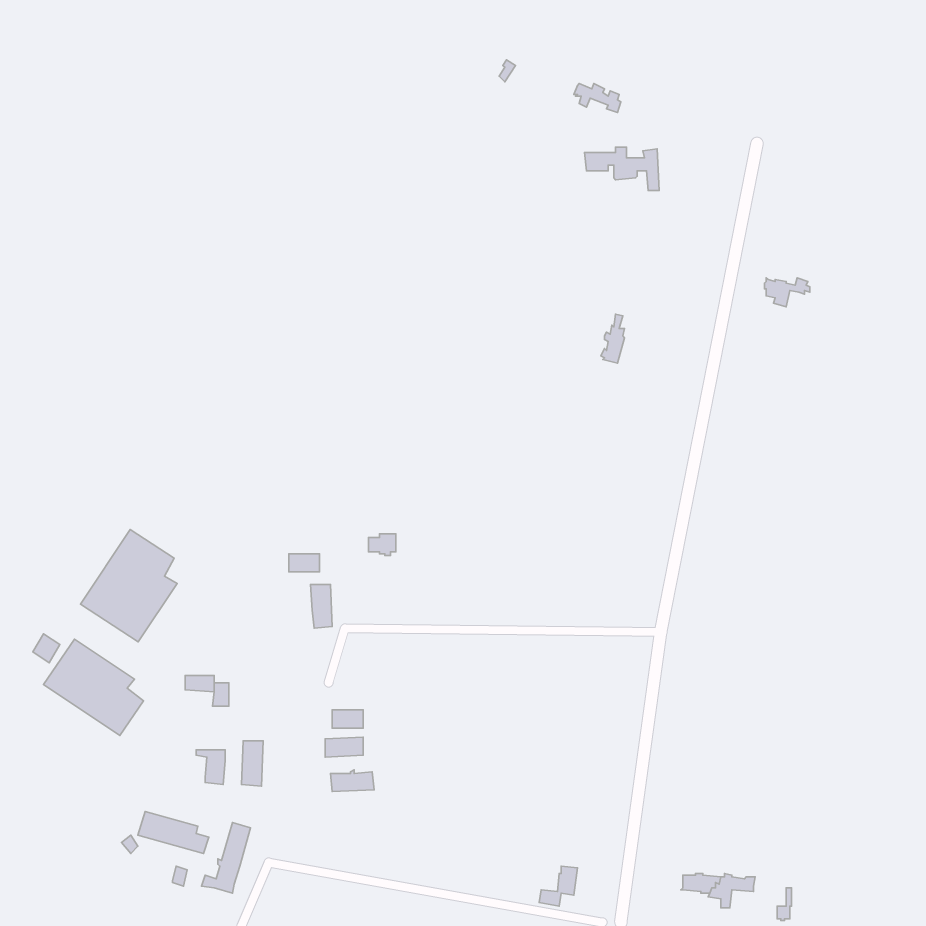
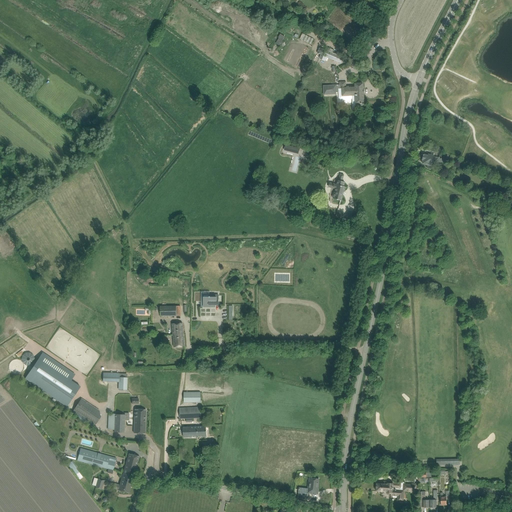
building: [81,530,177,642] -> none
building: none -> [72,397,100,424]

